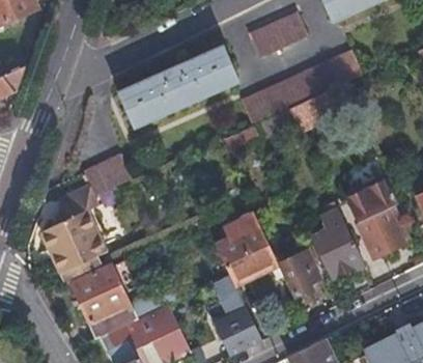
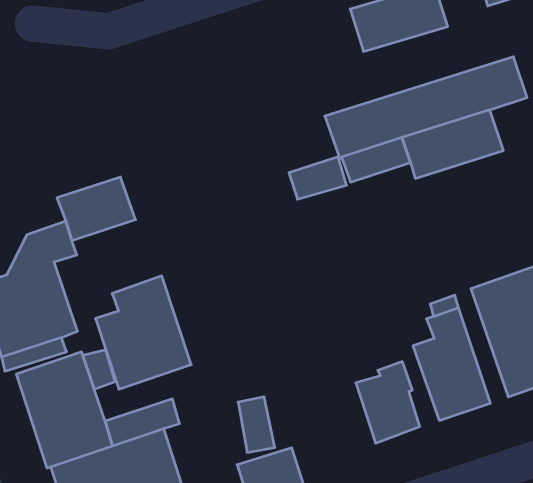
building: [118,45,238,127] -> none
building: [216,213,278,285] -> [95,276,191,389]

